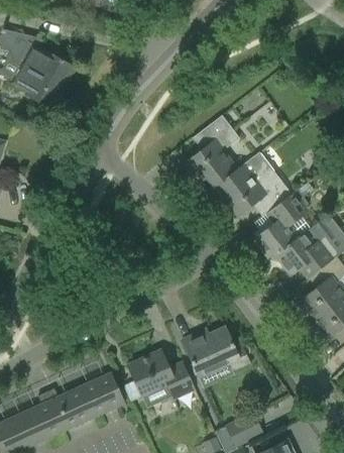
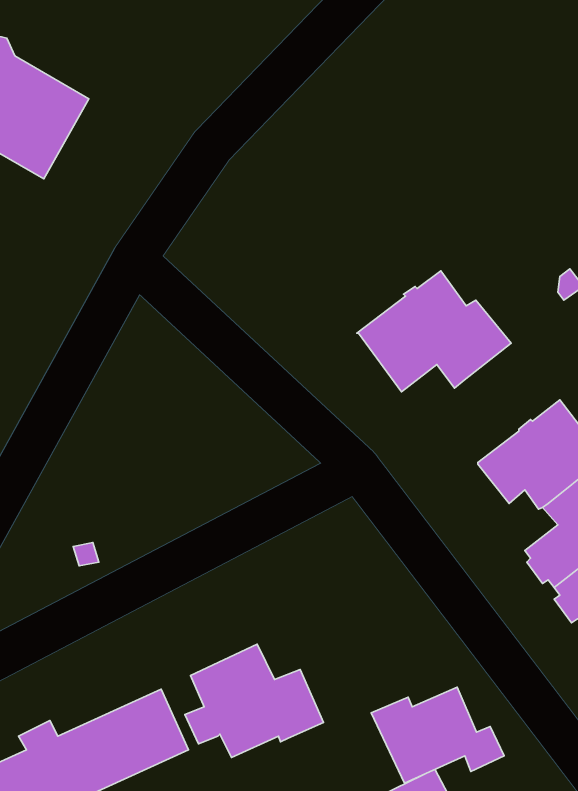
building: [185,114,240,193] -> none
building: [253,189,310,259] -> none
building: [182,326,250,375] -> [371,687,504,783]

